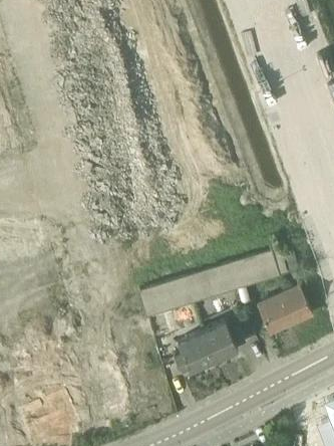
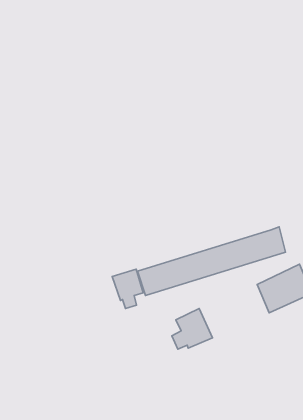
building: none -> [112,269,143,308]
building: [200,320,244,360] -> none

